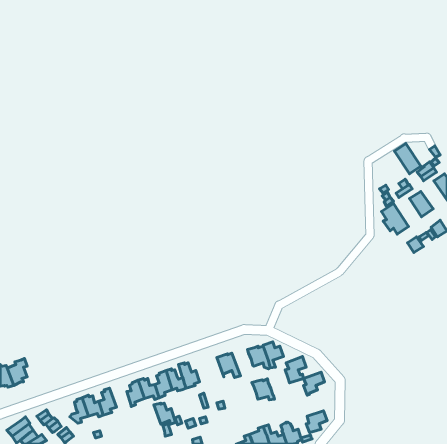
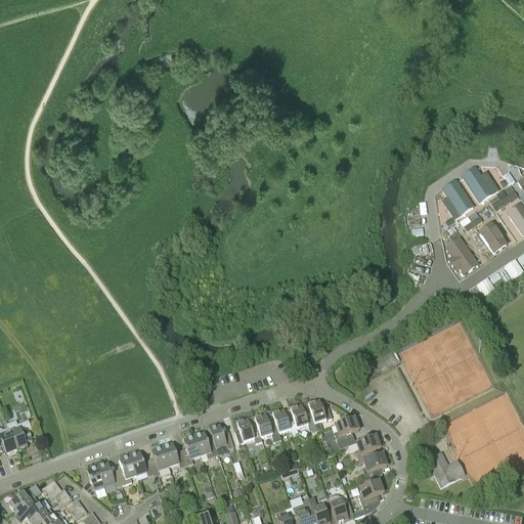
building: none -> [443,180,473,215]
building: none -> [234,419,262,444]
building: [252,379,274,400] -> [271,409,298,434]
building: none -> [427,452,461,487]
building: none -> [361,453,387,480]
building: [154,403,176,424] -> [128,452,154,477]

